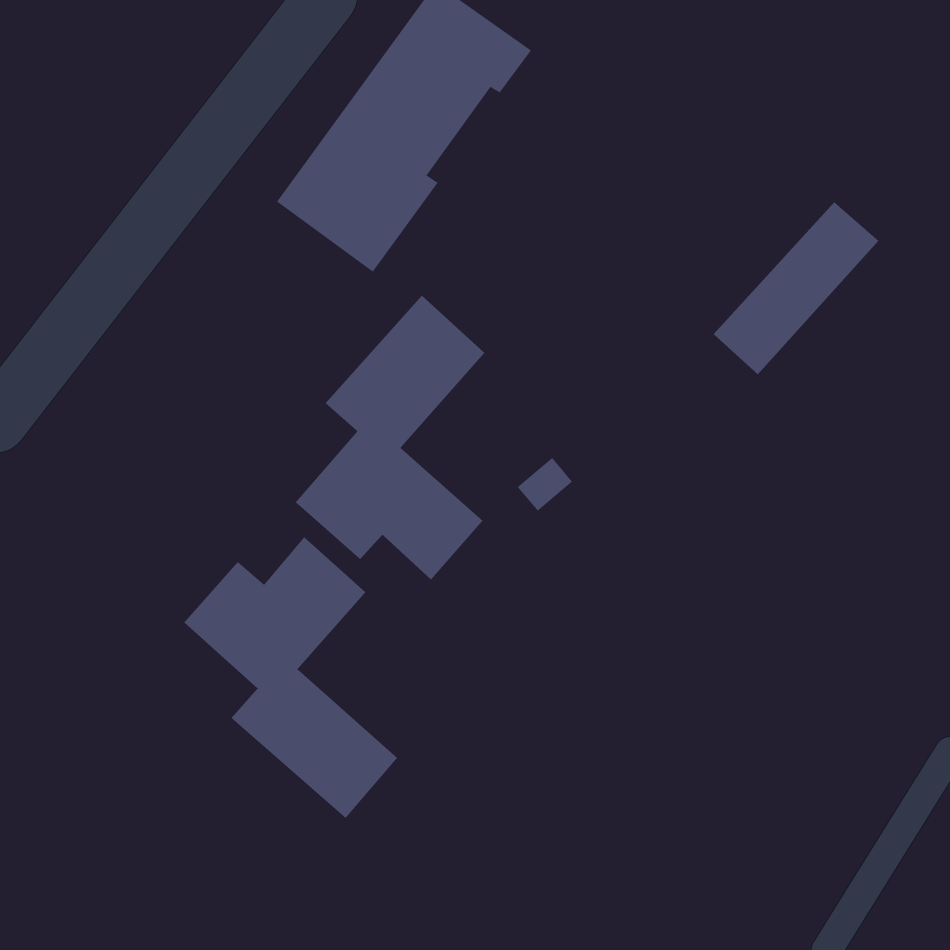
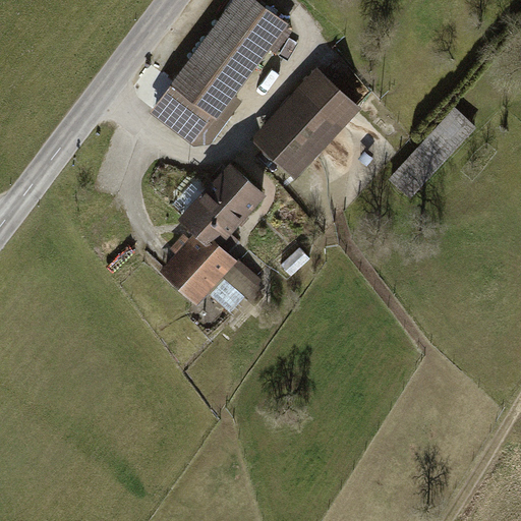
building: none -> [249,67,359,179]
building: [184,537,398,819] -> none

